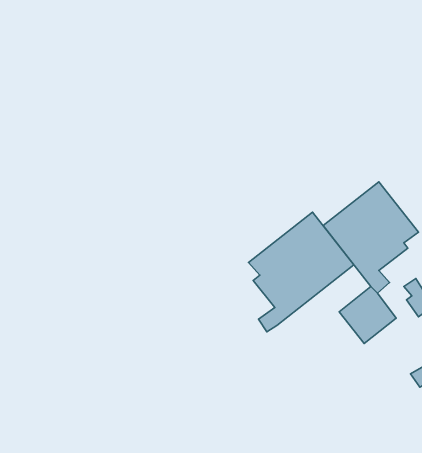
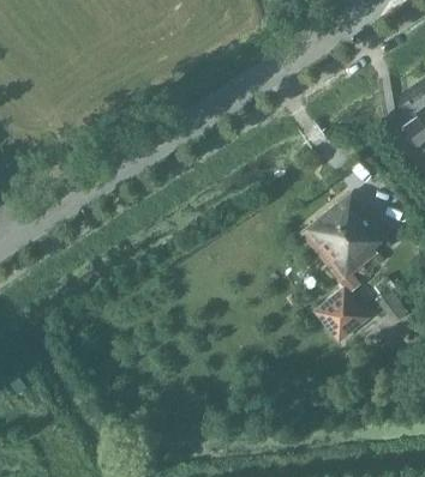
building: [249,212,354,332] -> none

